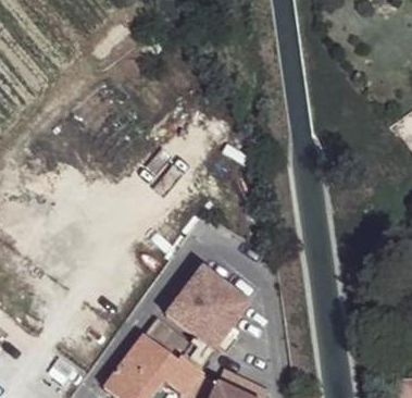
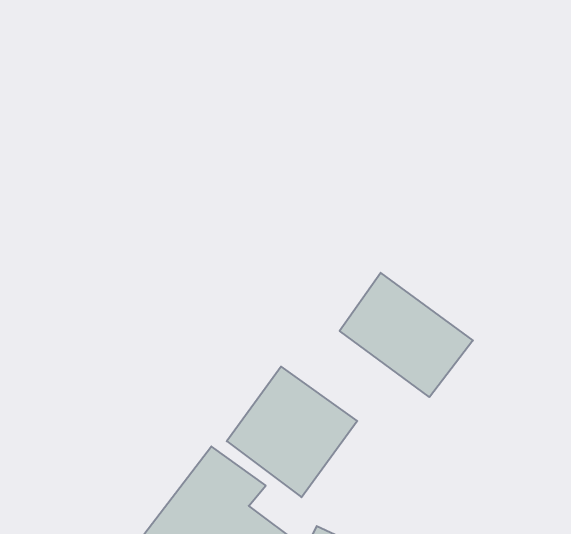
building: none -> [340,273,473,397]

